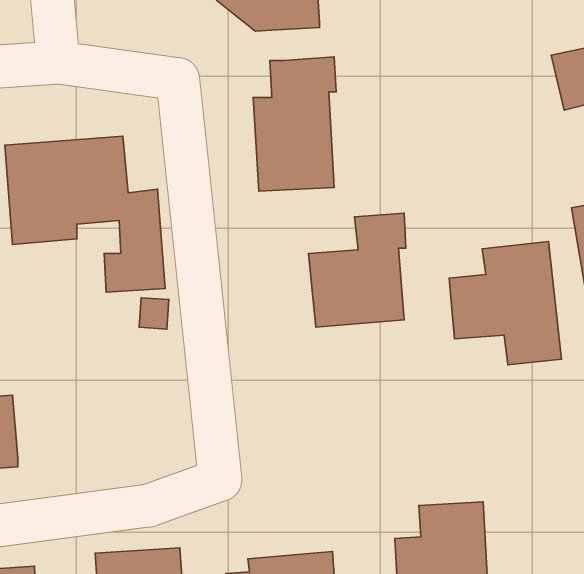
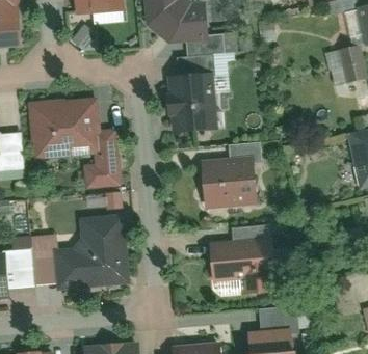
building: none -> [186,34,224,57]
building: [449,242,561,365] -> [205,220,268,290]
building: none -> [33,212,130,288]

